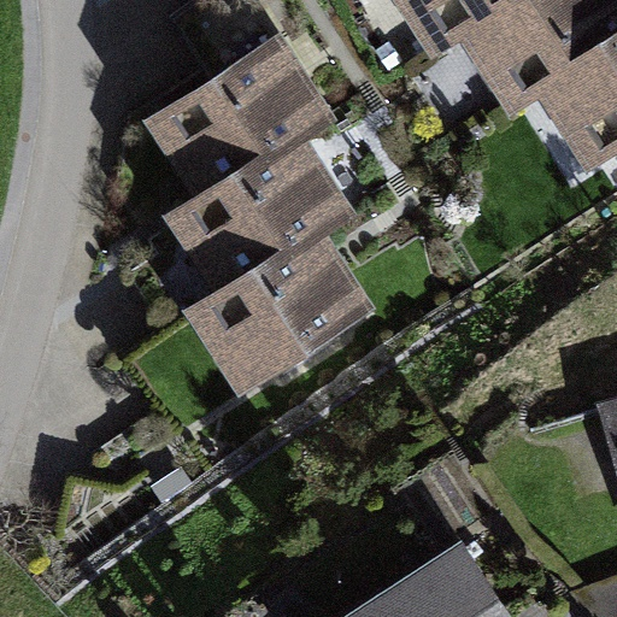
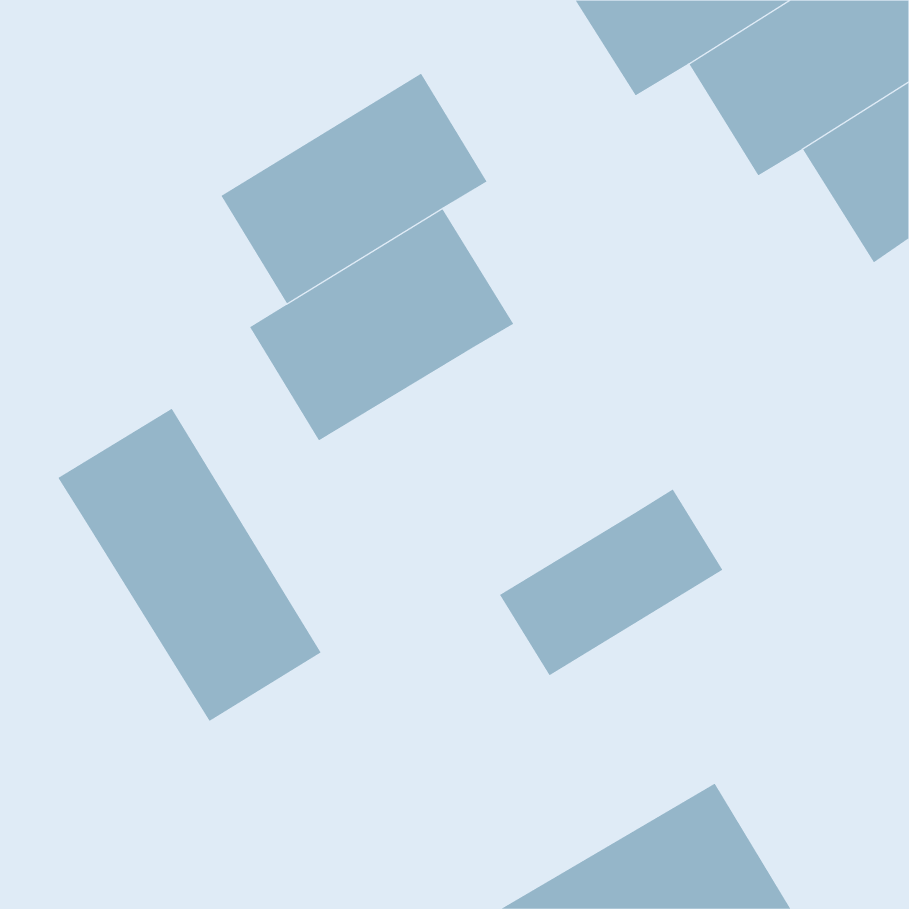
building: [192,235,370,393] -> none
building: none -> [57,408,321,722]
building: none -> [499,488,723,676]

